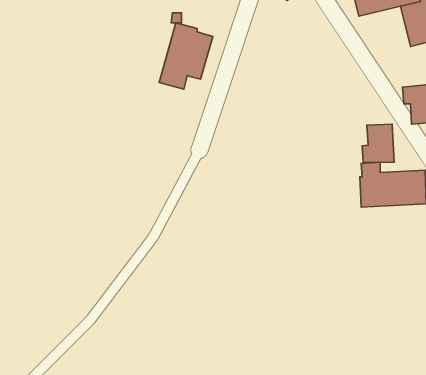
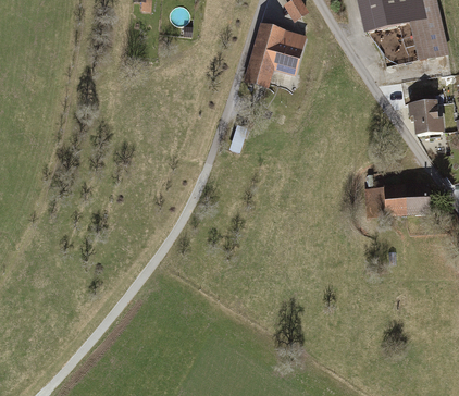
building: [159,23,213,89] -> [244,22,296,86]
building: [362,124,394,163] -> none

